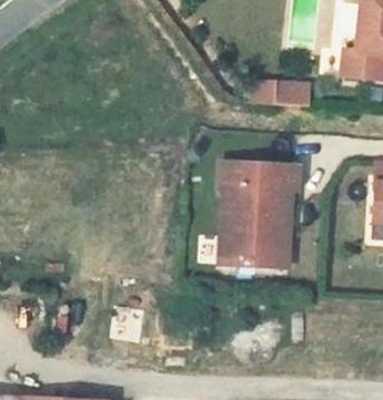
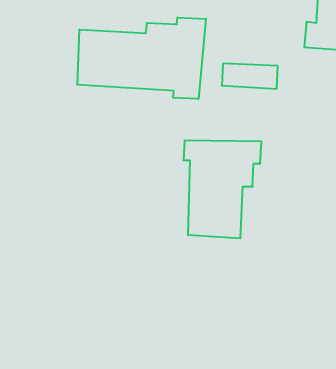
building: none -> [78,17,206,99]

